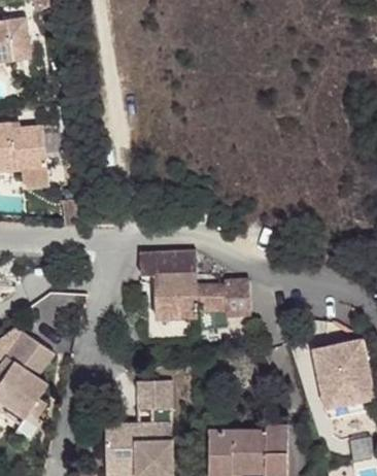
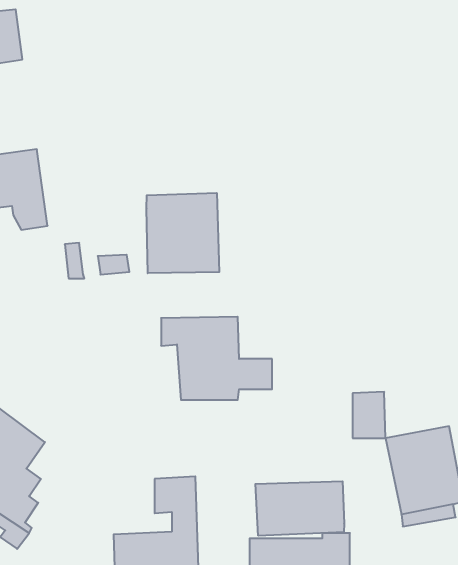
building: none -> [147,193,219,273]
building: [226,280,251,316] -> [353,392,386,438]
building: none -> [255,481,344,536]

